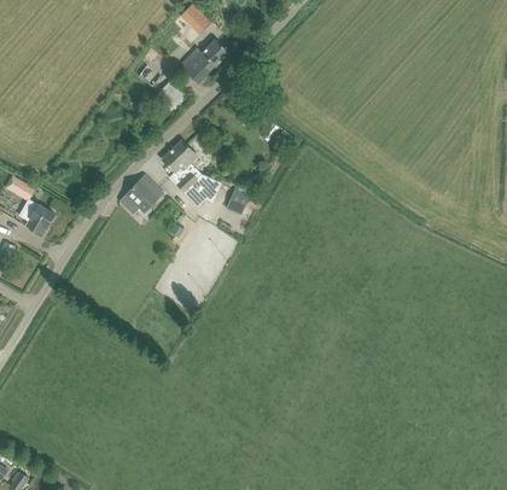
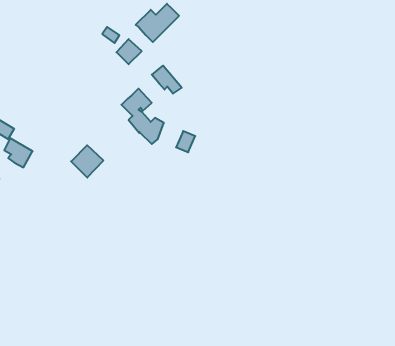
building: none -> [152,66,182,94]
building: [126,174,164,212] -> [71,145,103,178]

